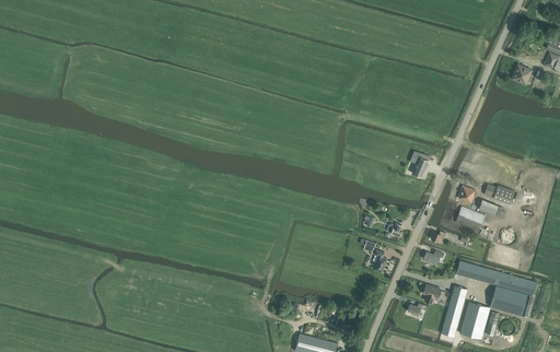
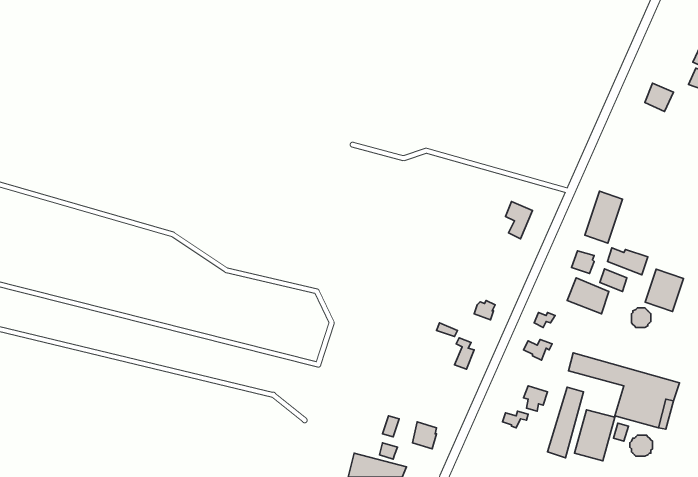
building: none -> [585,191,622,243]
building: none -> [645,269,683,312]

